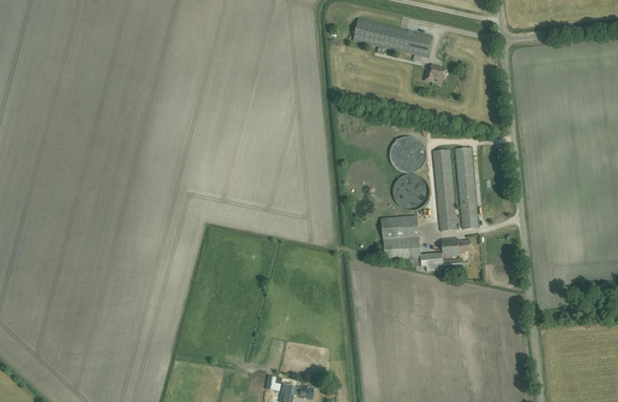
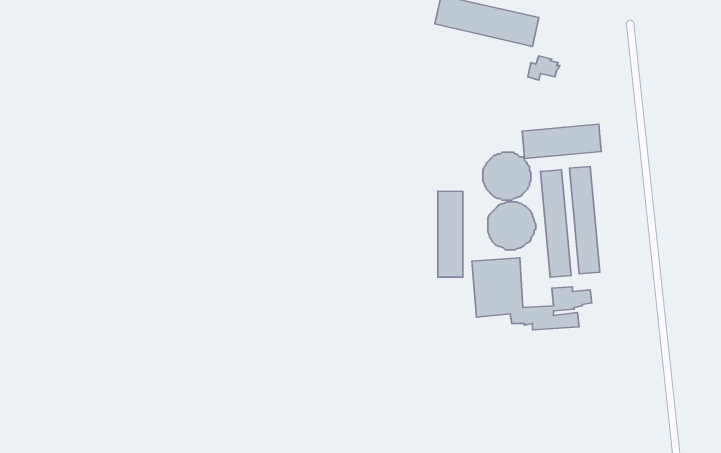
building: none -> [522,124,601,159]
building: none -> [438,191,463,277]

